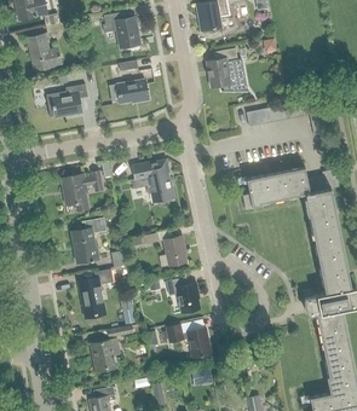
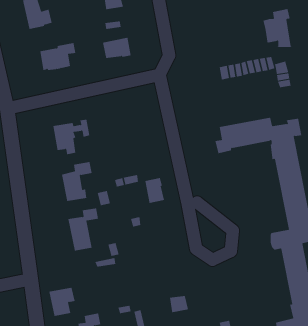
building: [206,48,248,92] -> [262,9,300,48]
building: [132,161,174,203] -> none
building: [166,277,200,312] -> none
building: [166,324,211,358] -> none
building: [90,338,120,371] -> [48,287,75,316]

